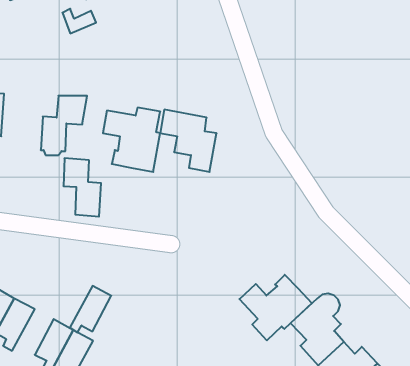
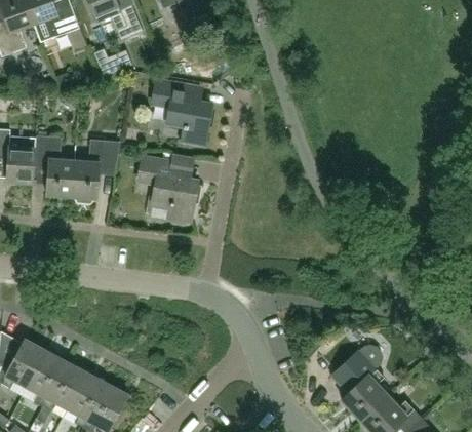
building: [160,110,217,172] -> [151,77,209,142]
building: [63,158,101,217] -> [35,135,74,196]
building: [239,275,312,340] -> none
building: [70,286,111,332] -> [42,361,85,409]

